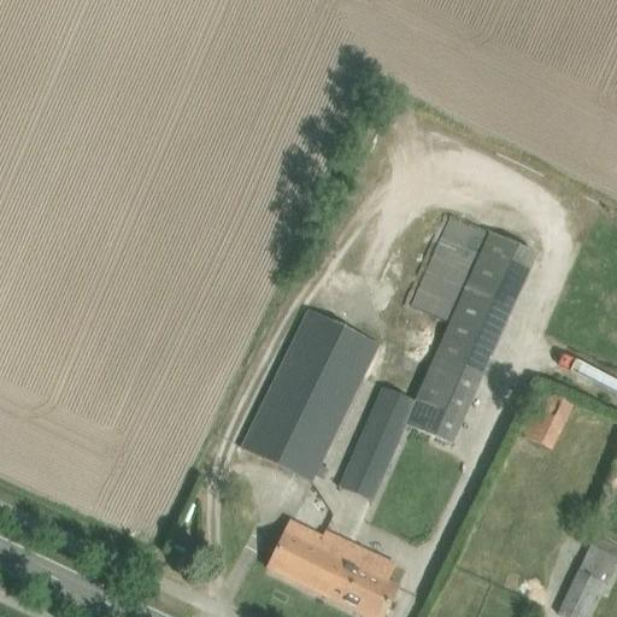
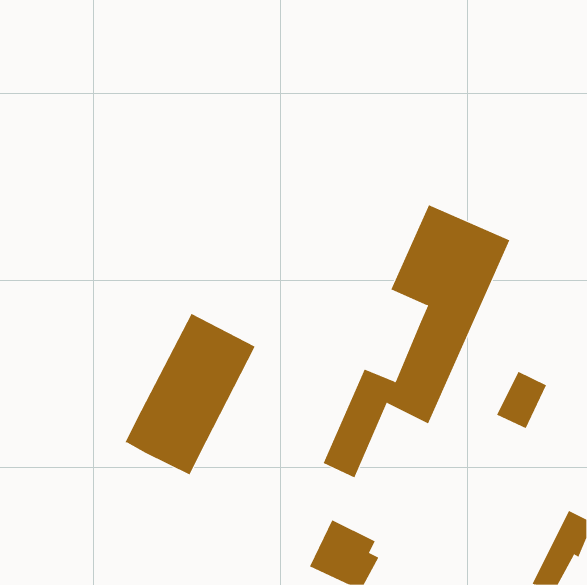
building: [245,311,382,481] -> [124,313,255,475]
building: [269,521,348,594] -> none

